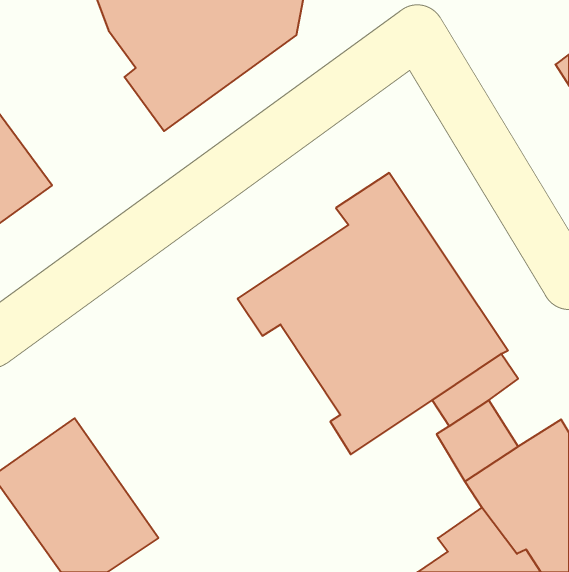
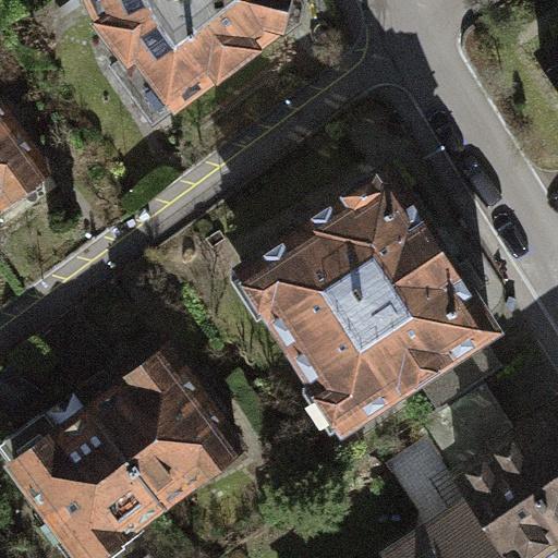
building: none -> [72,340,243,519]

